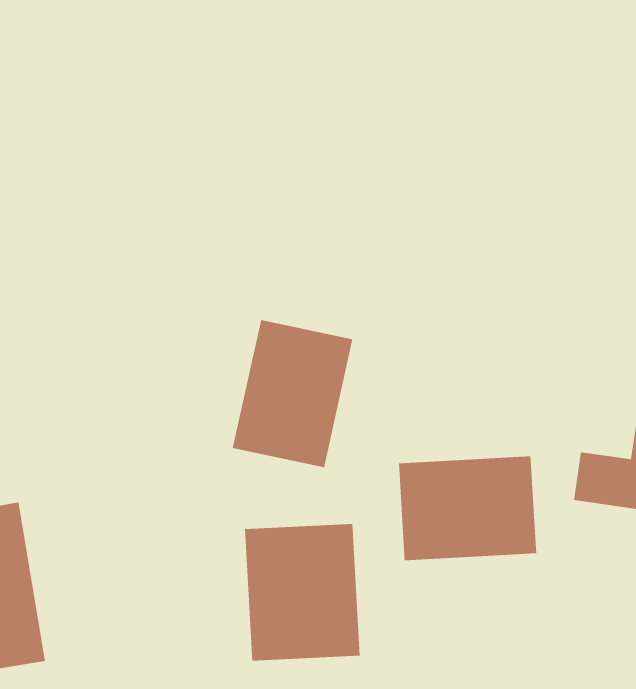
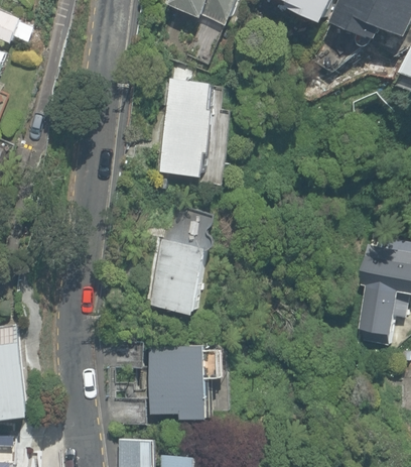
building: none -> [155,78,215,177]
building: [398,456,537,561] -> none

